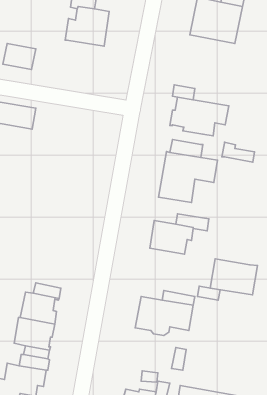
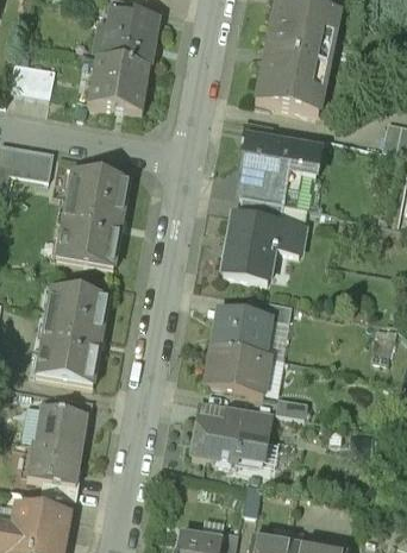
building: none -> [255,54,327,114]
building: none -> [88,61,148,117]
building: none -> [56,172,129,270]
building: [222,142,255,162] -> [238,177,283,205]
building: none -> [36,289,108,389]
building: [210,259,258,295] -> [204,347,269,397]

